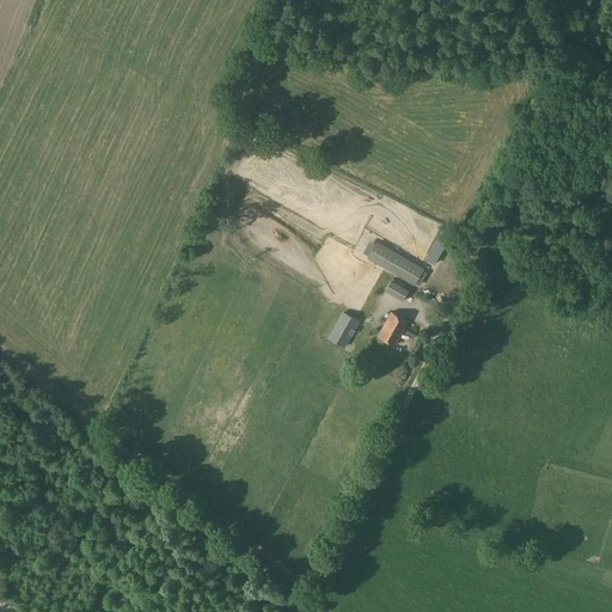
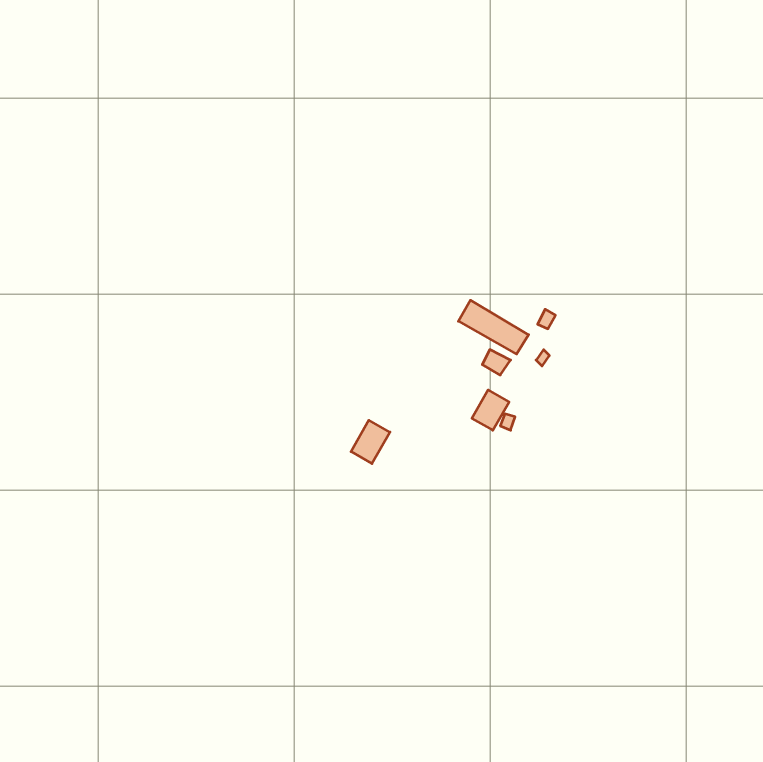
building: [328,312,359,347] -> [351,420,390,464]

